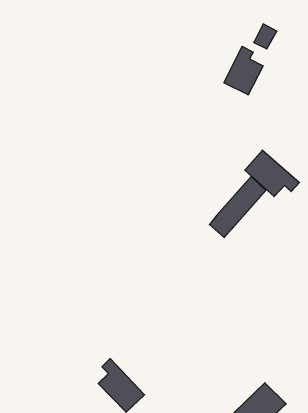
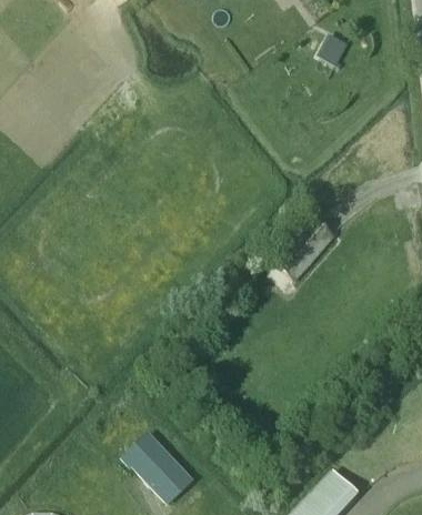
building: [224,46,263,95] -> none
building: [245,150,299,197] -> none

